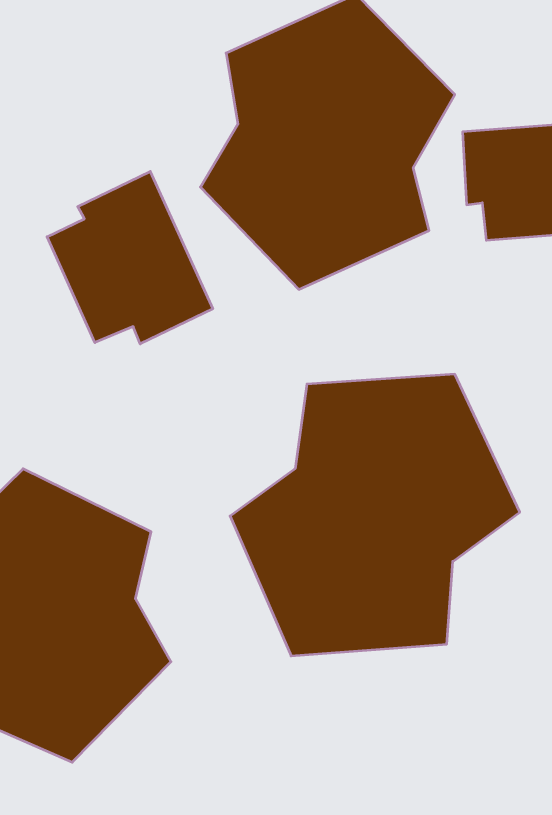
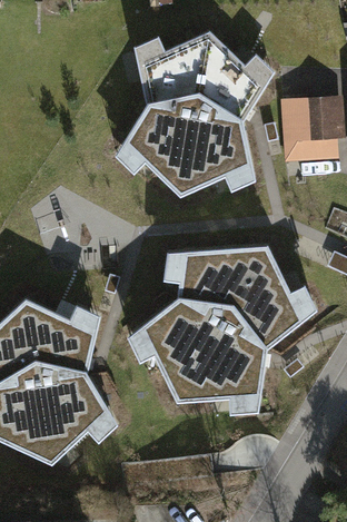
building: [47,171,213,344] -> none

